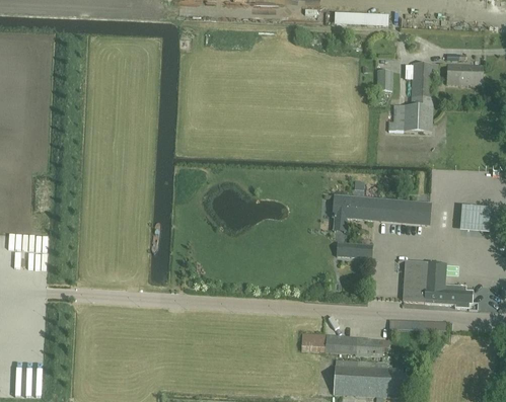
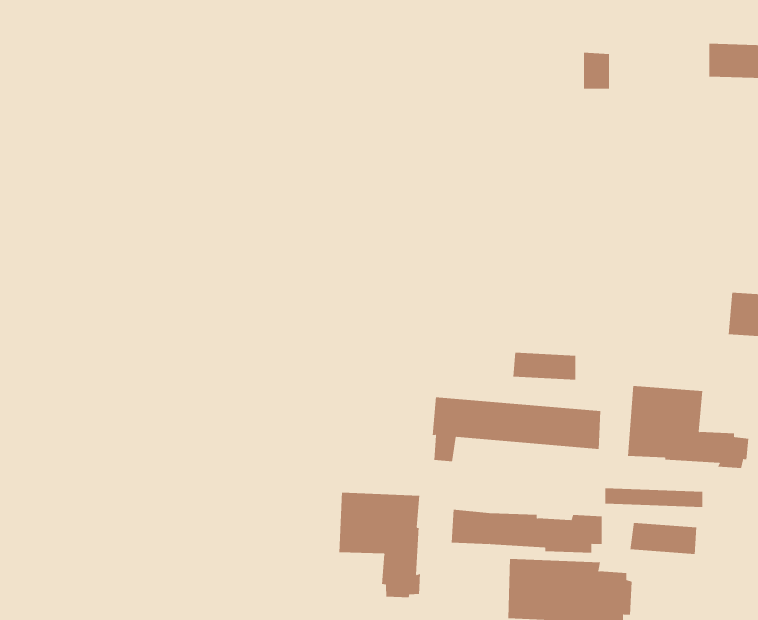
building: [388,62,438,131] -> none
building: [333,193,430,231] -> [432,397,601,462]
building: none -> [339,492,421,598]
building: none -> [630,522,697,555]

